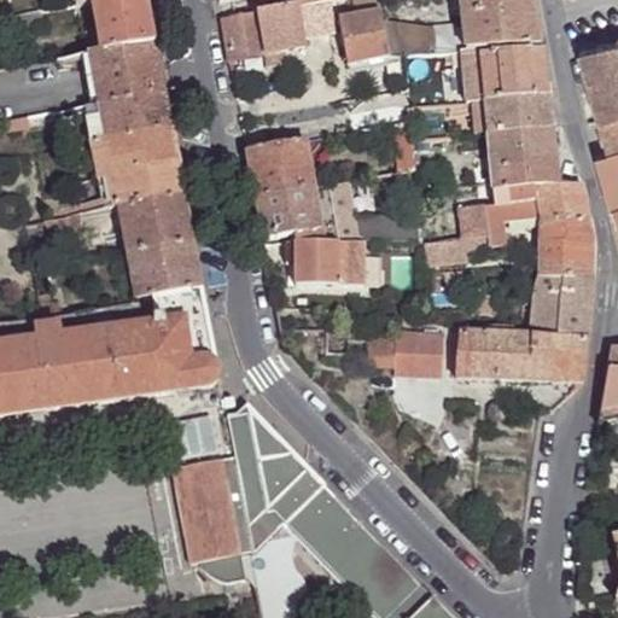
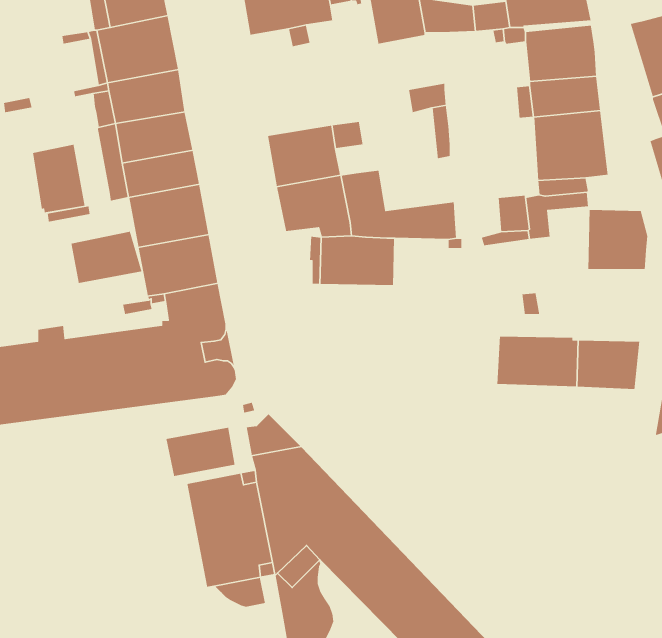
building: none -> [32,144,85,213]
building: [537,182,588,216] -> none
building: none -> [70,231,142,284]
building: [530,270,591,336] -> none
building: [367,328,441,374] -> none

